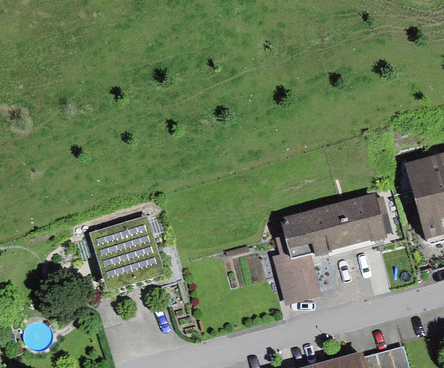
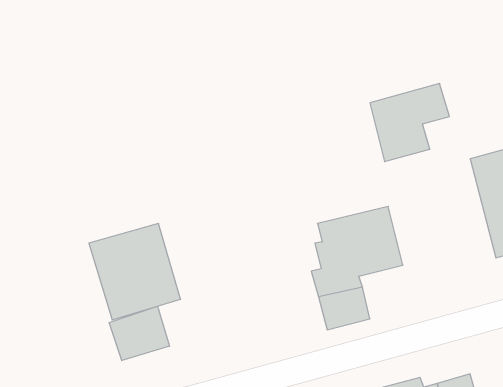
building: [336,188,401,252] -> [370,83,449,162]
building: none -> [109,306,169,361]

